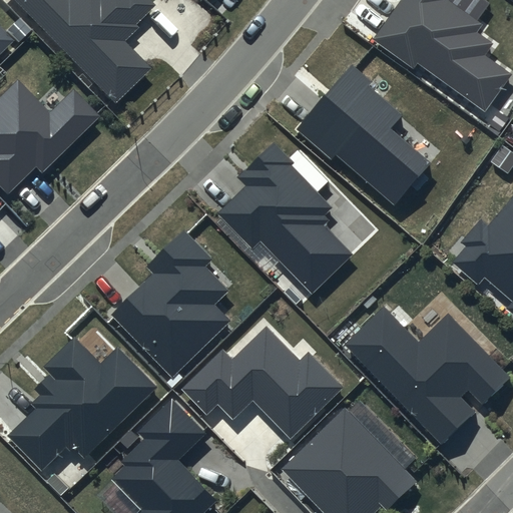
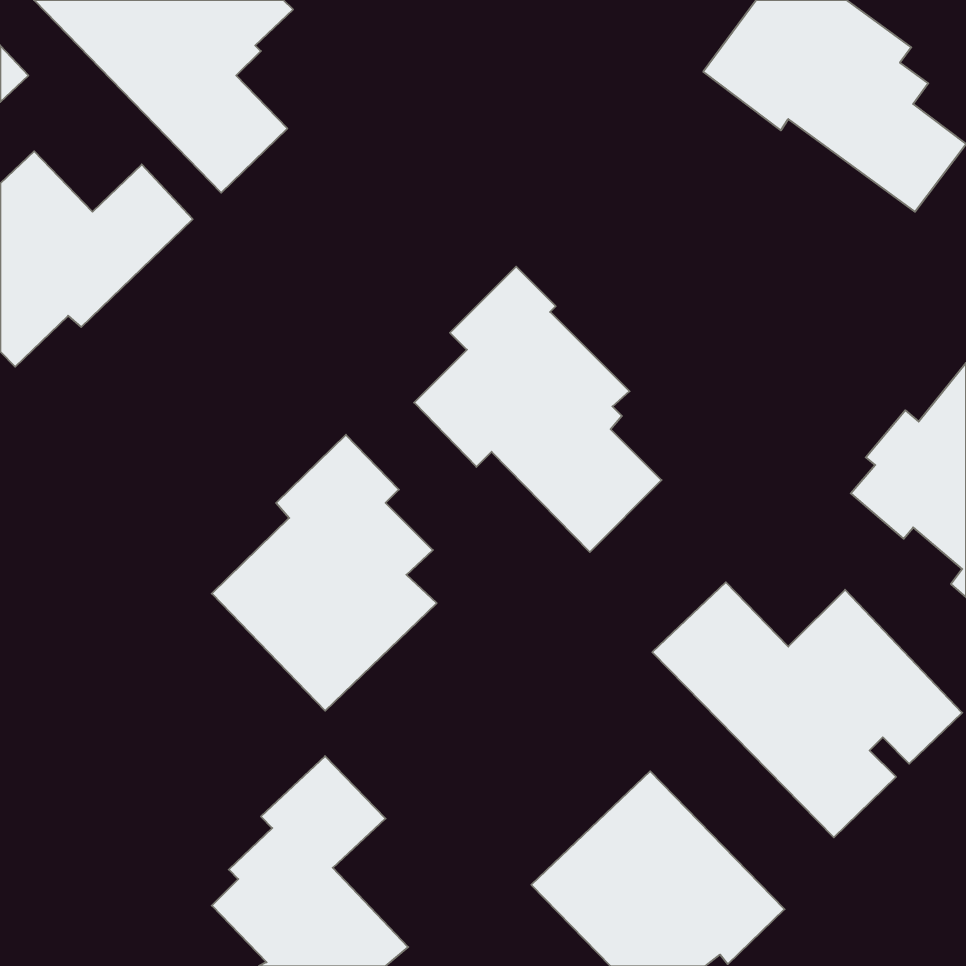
building: [297,64,431,203] -> none
building: [182,326,344,438] -> none
building: [8,336,157,470] -> none

